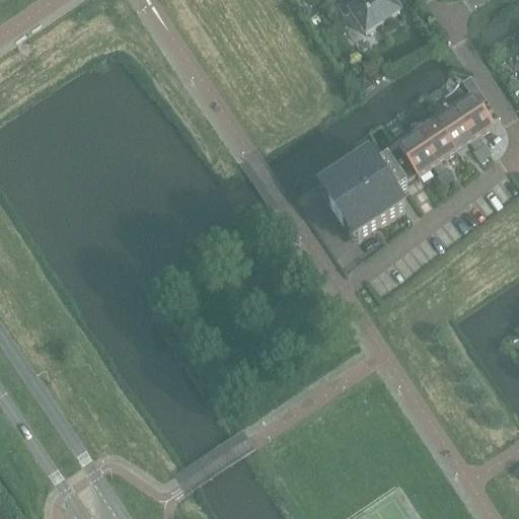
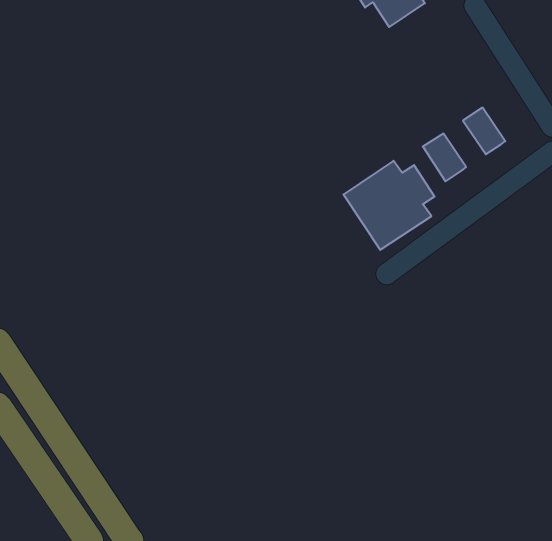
building: [450,87,491,153] -> none
building: [414,113,453,177] -> none

